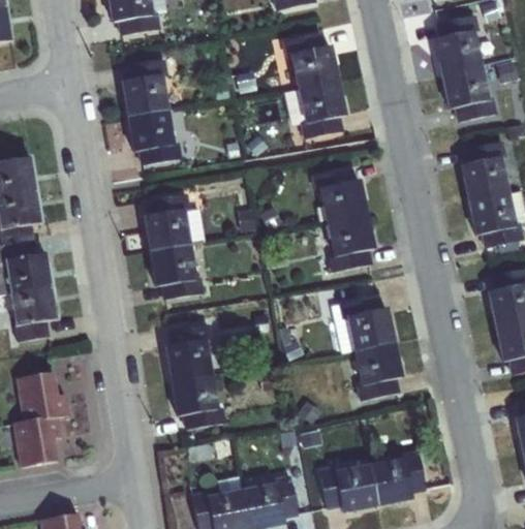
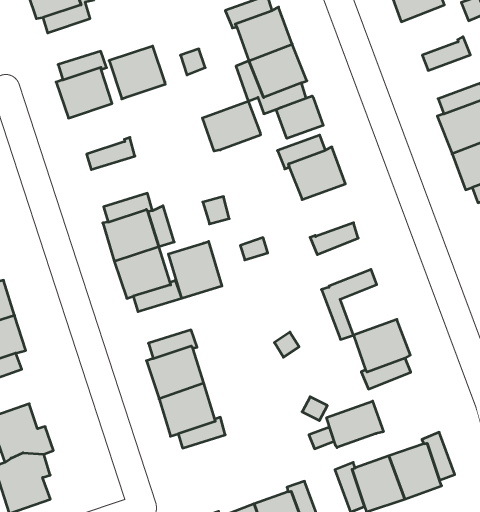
building: [440,65,489,108] -> none
building: [127,108,175,152] -> [109,46,165,99]
building: none -> [202,101,260,151]
building: none -> [276,96,323,138]
building: [327,213,375,256] -> none
building: none -> [168,241,222,298]
building: [347,307,396,350] -> none
building: none -> [327,401,383,448]

